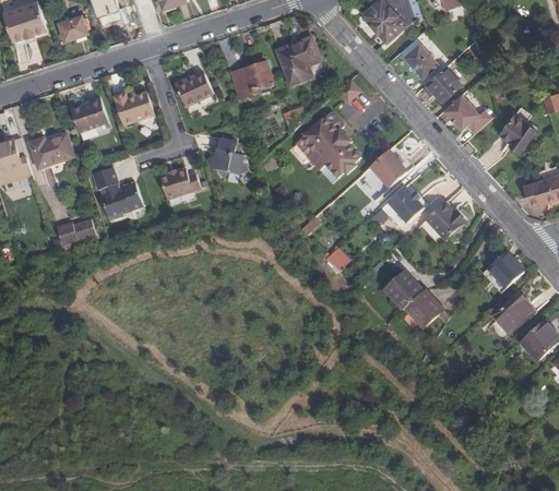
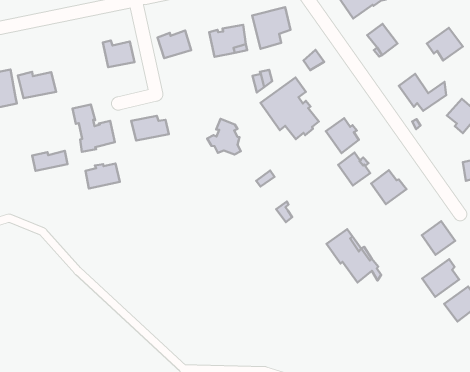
building: [423,67,462,103] -> [427,28,463,60]
building: [72,98,109,133] -> none
building: [207,139,246,176] -> [207,119,241,155]
building: none -> [86,164,120,188]

